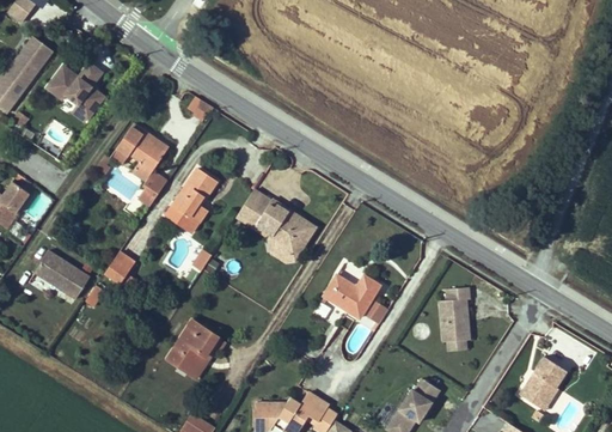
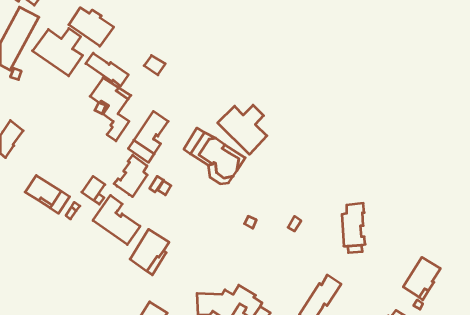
building: none -> [69,8,114,46]
building: none -> [86,53,128,86]
building: none -> [218,105,267,154]
building: none -> [114,155,147,197]
building: [324,274,380,317] -> none
building: none -> [93,195,140,245]

